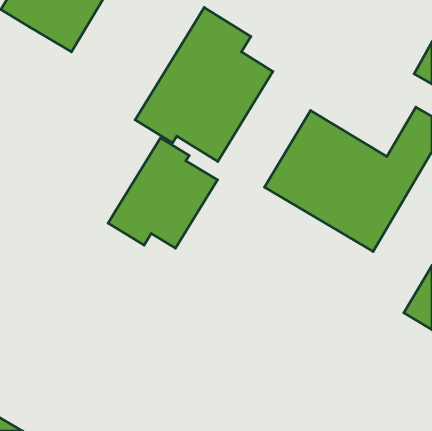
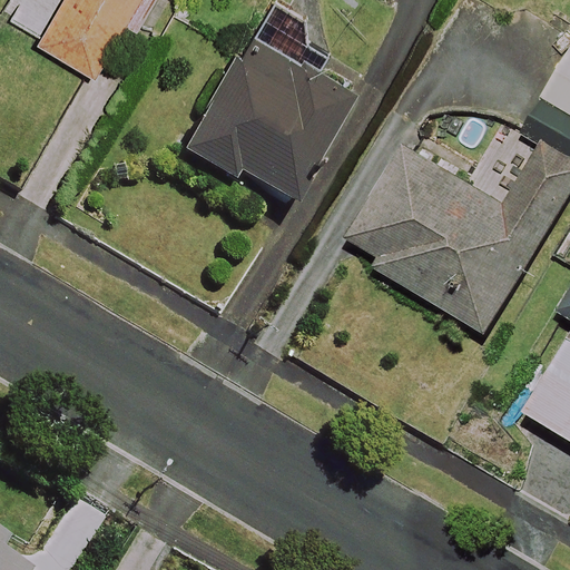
building: [108,138,218,248] -> none

